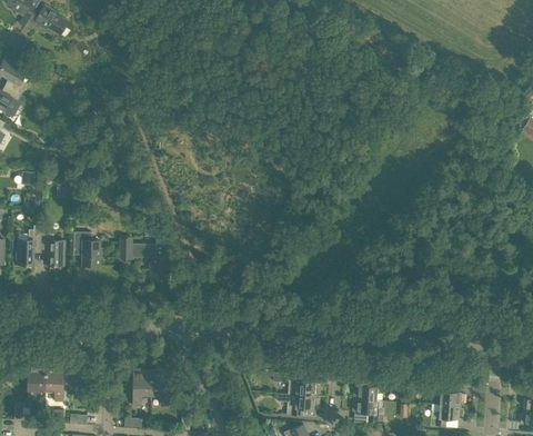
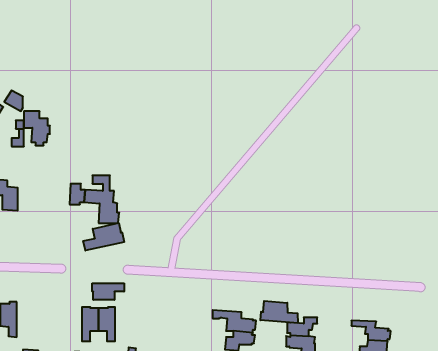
building: [73,232,101,269] -> [24,111,50,145]
building: none -> [83,223,124,251]
building: none -> [92,283,124,300]
building: none -> [260,301,298,323]

